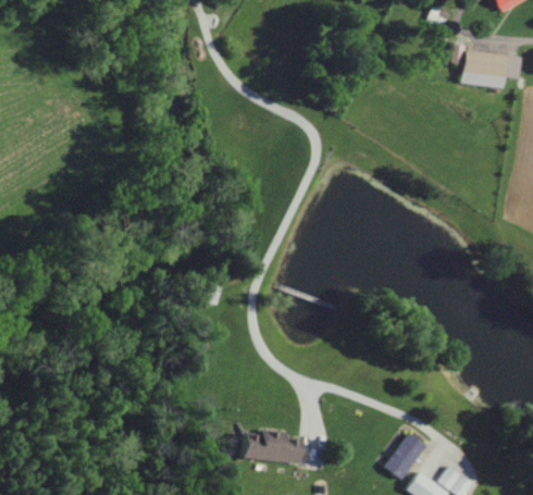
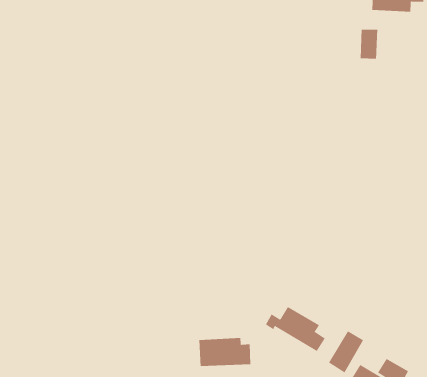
building: none -> [360,29,378,60]
building: none -> [265,306,325,352]

